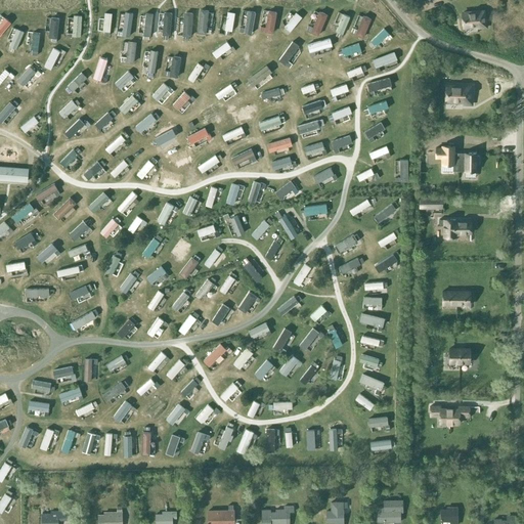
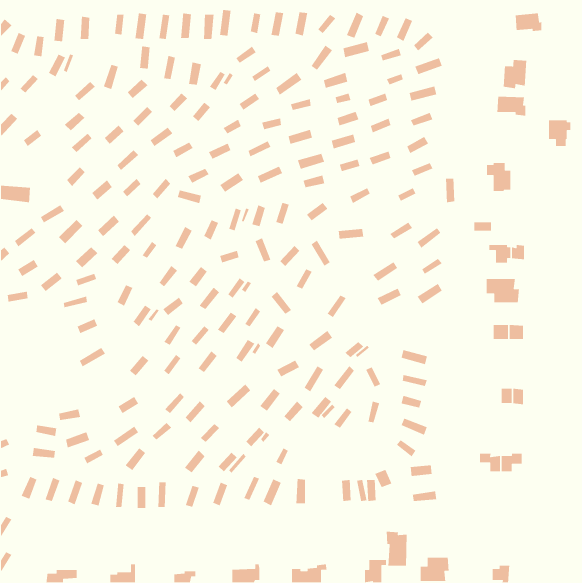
building: none -> [503,59,527,89]
building: [460,152,480,177] -> [548,119,571,147]
building: none -> [486,278,520,303]
building: none -> [386,531,408,567]

